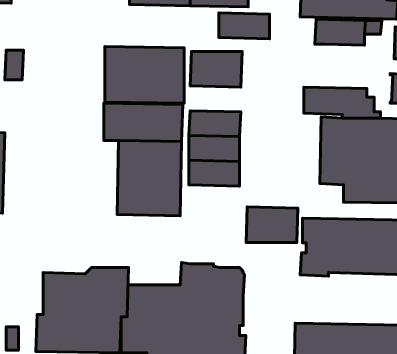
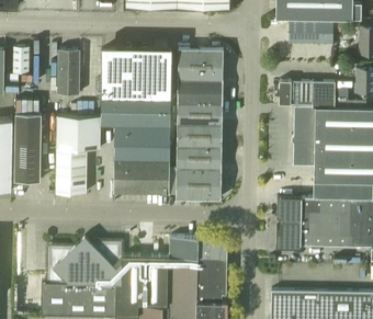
building: [219,13,270,39] -> [178,80,223,103]
building: none -> [57,49,80,94]
building: none -> [14,114,42,182]
building: none -> [55,118,100,194]
building: [246,207,298,243] -> [176,168,222,200]

